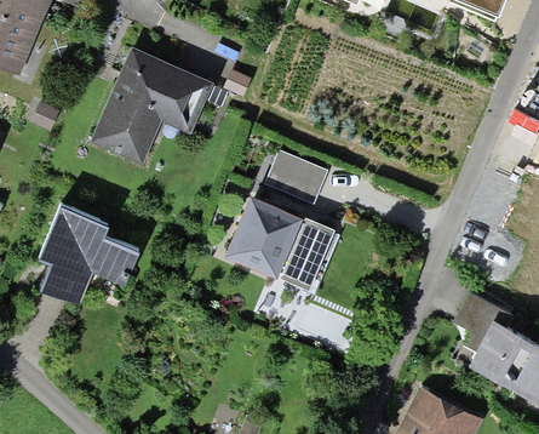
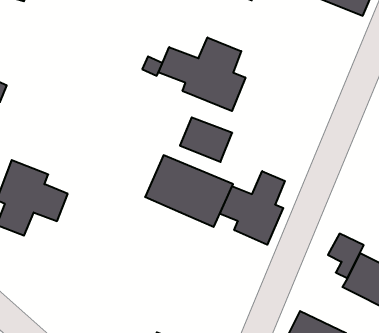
building: none -> [159,37,245,111]
building: [93,51,206,161] -> none
building: none -> [220,171,285,245]

